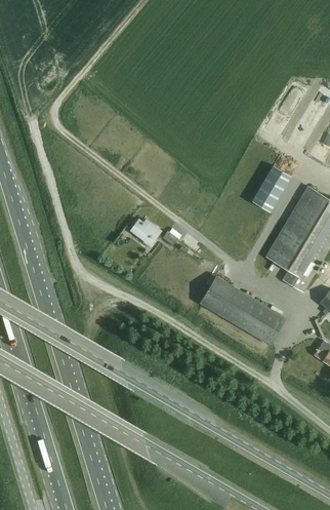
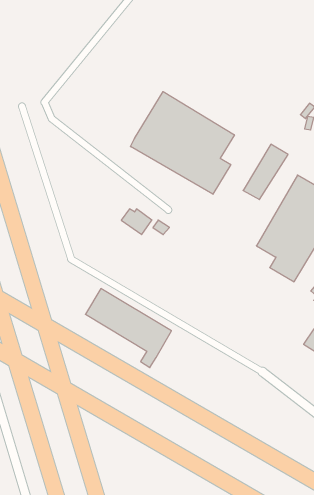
building: none -> [130,92,234,194]
building: [199,276,285,355] -> [85,289,171,368]

